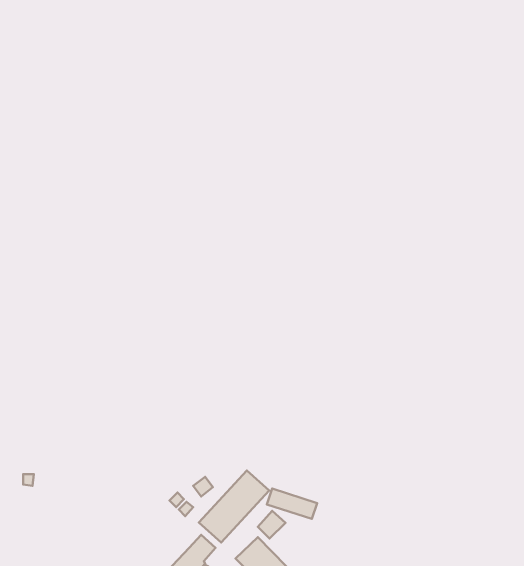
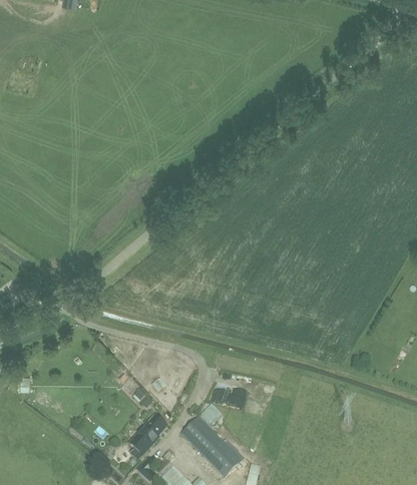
building: [199,471,269,542] -> none

